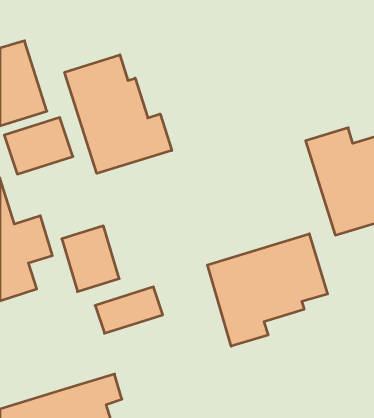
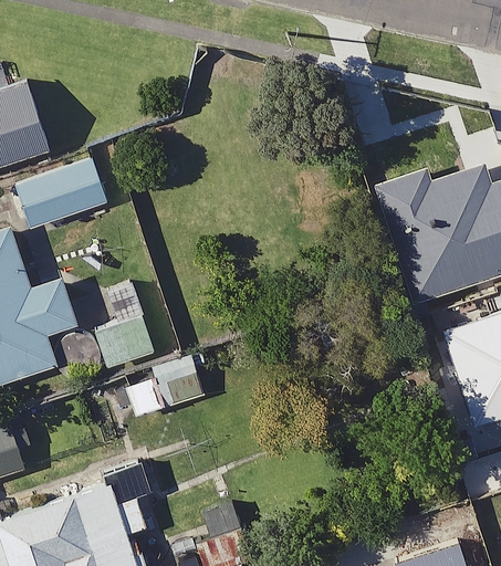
building: [65,55,172,173] -> none
building: [207,234,328,346] -> none

